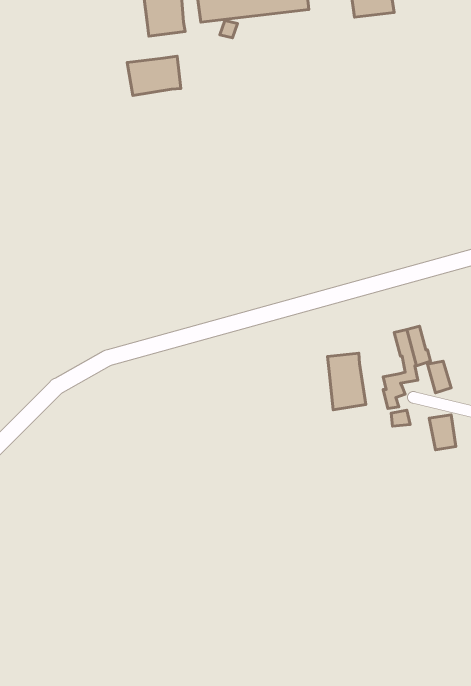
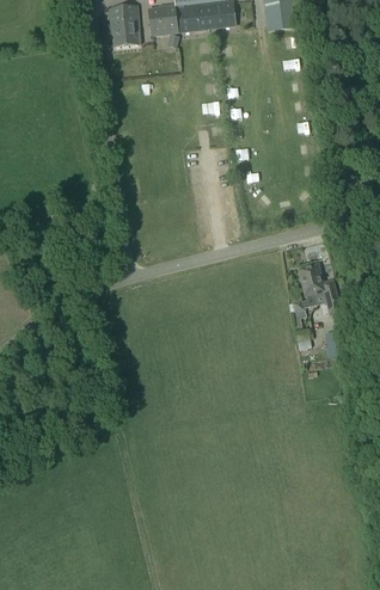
building: [127,56,181,96] -> none
building: [327,353,366,410] -> none

